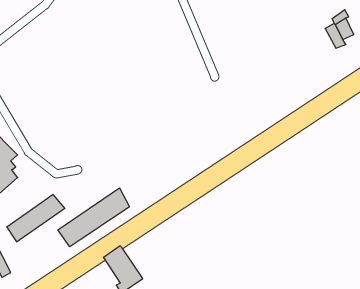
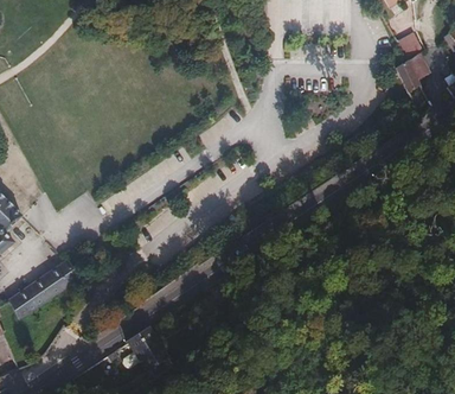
building: [58,188,129,247] -> none

